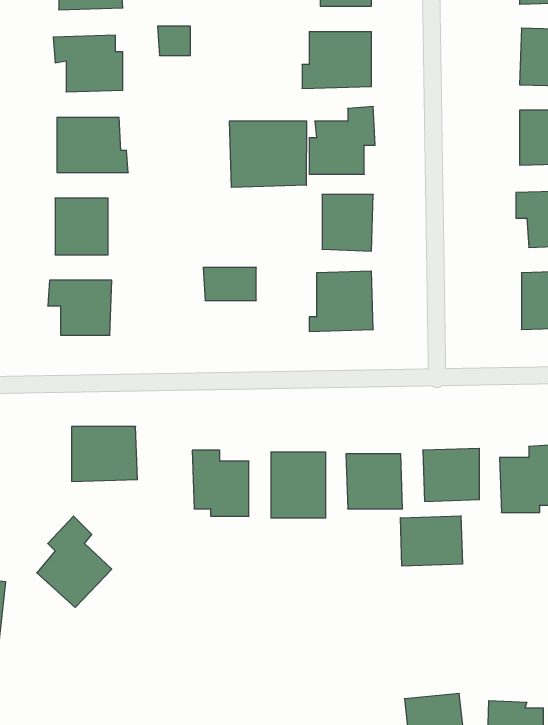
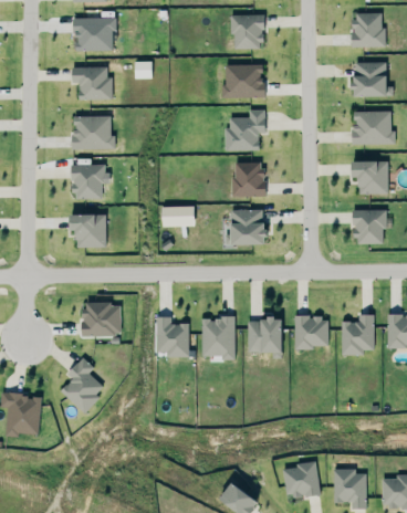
building: [230,121,307,187] -> none
building: [400,516,462,566] -> none

